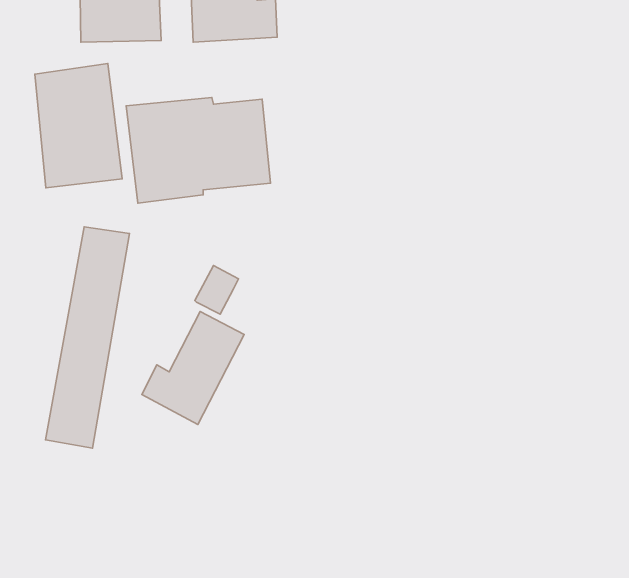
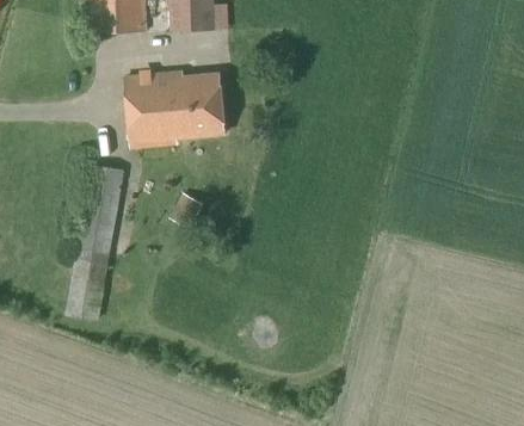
building: [35,64,122,188] -> none
building: [142,311,244,424] -> none

